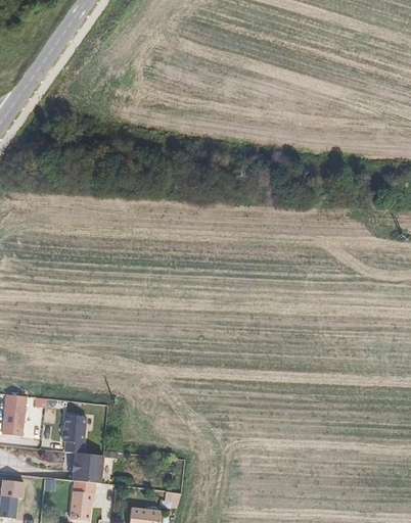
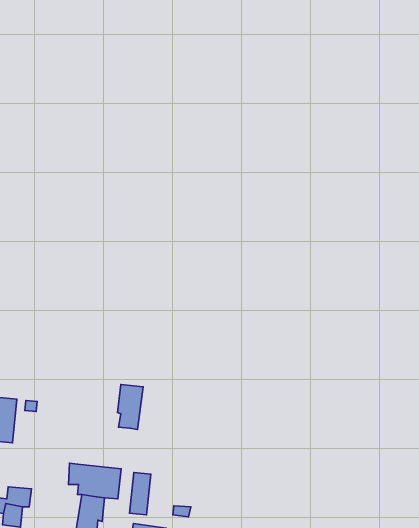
building: [60,413,84,454] -> [117,385,143,429]
building: none -> [129,472,151,515]

